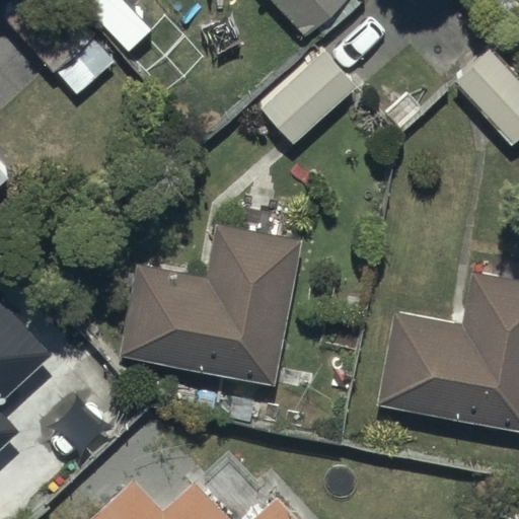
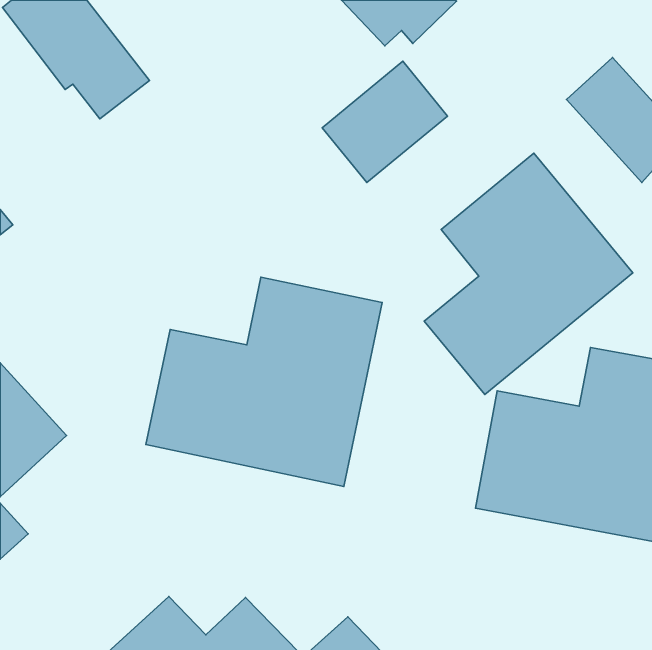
building: none -> [424,153,633,394]

